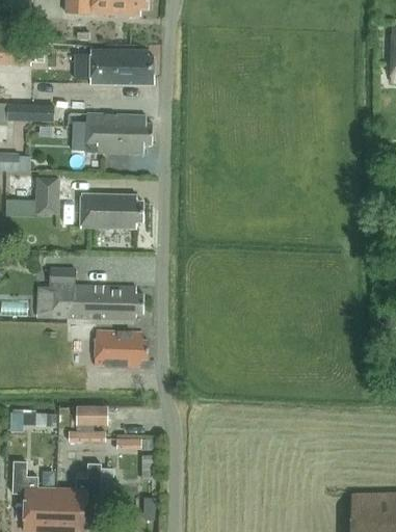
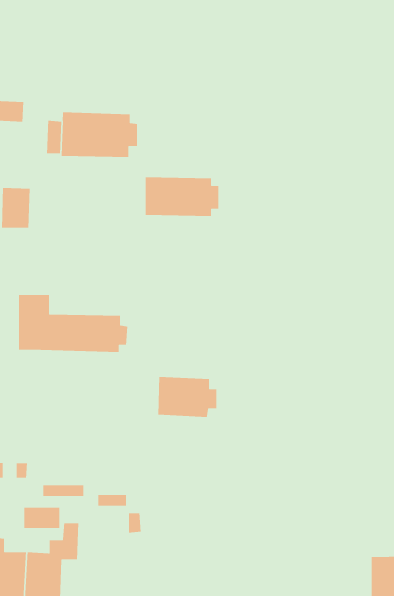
building: [90,49,154,84] -> none
building: [80,194,143,229] -> [145,177,219,217]
building: [96,331,147,367] -> [157,376,217,418]
building: [75,407,106,426] -> [23,507,60,529]

